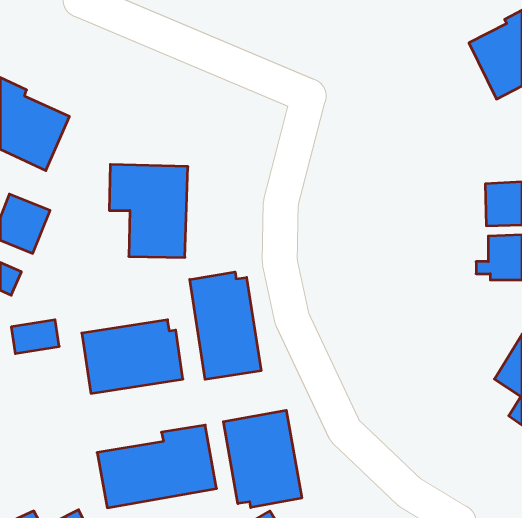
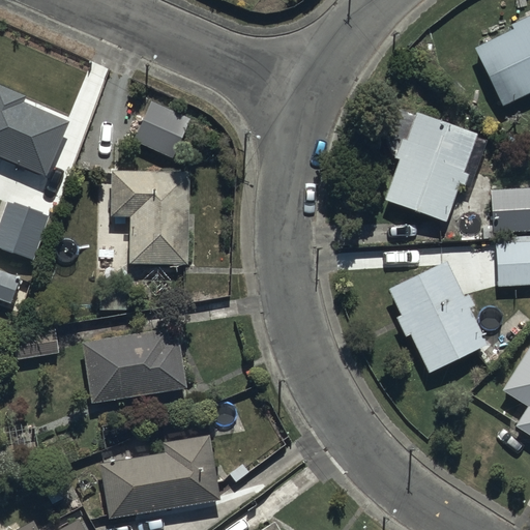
building: none -> [135,101,190,159]
building: none -> [384,111,489,222]
building: none -> [388,262,487,371]
building: [190,272,261,379] -> none
building: [223,410,302,508] -> none

